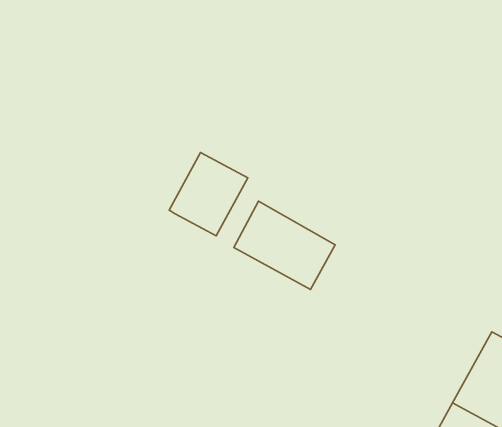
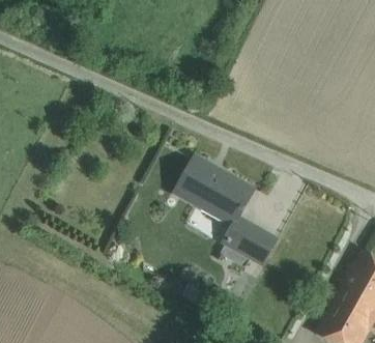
building: [169,153,248,236] -> none
building: none -> [222,217,278,264]

